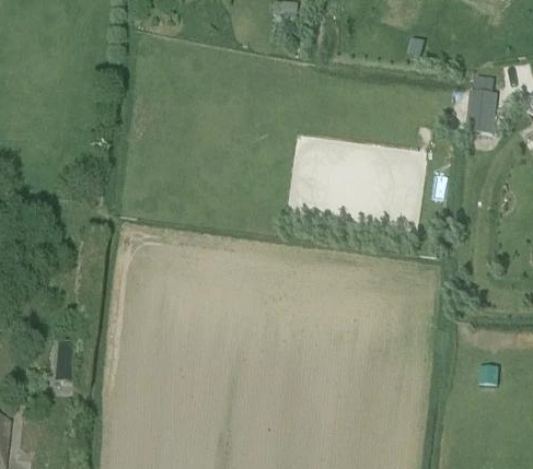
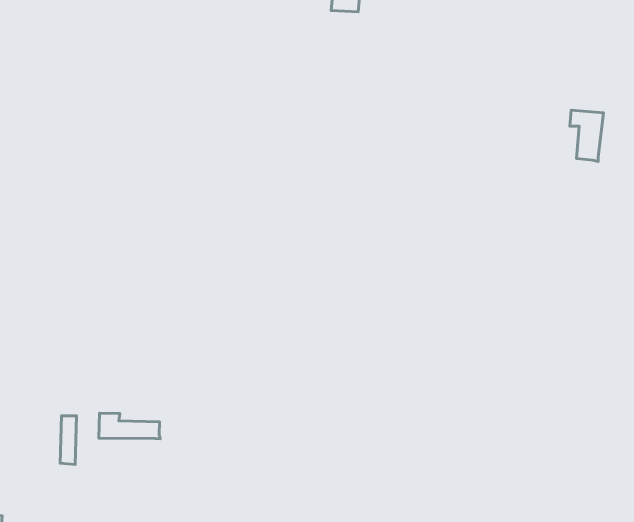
building: none -> [99,413,160,439]

